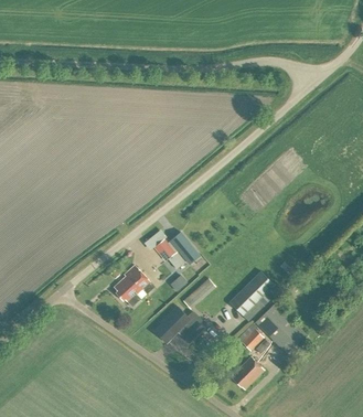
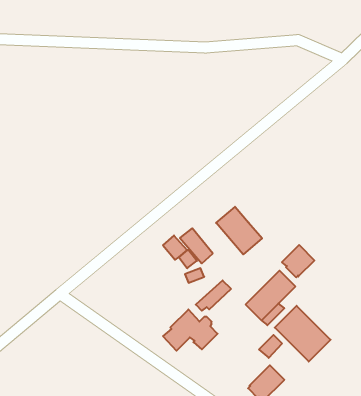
building: none -> [216,207,262,254]
building: none -> [282,245,314,277]
building: [113,265,153,307] -> none

